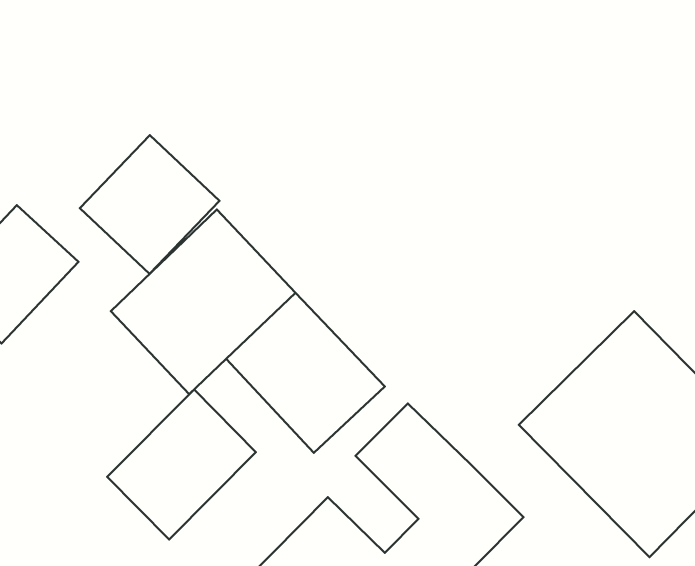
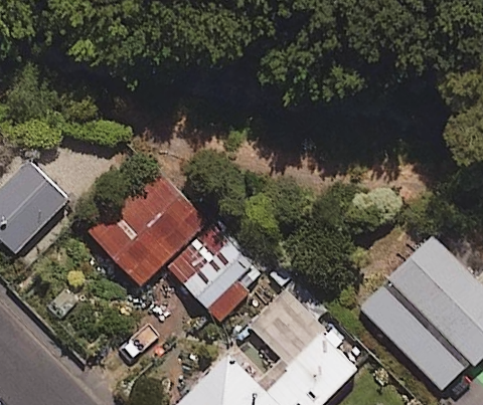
building: [80,135,220,274] -> none
building: [107,390,256,540] -> none

